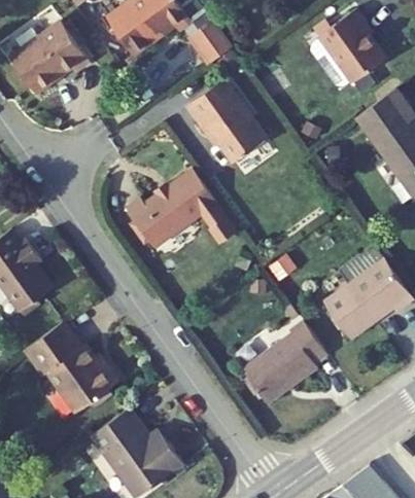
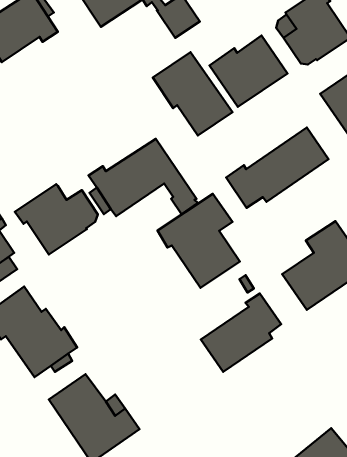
building: none -> [210,36,287,107]
building: none -> [226,128,329,208]
building: none -> [15,184,98,255]
building: none -> [157,194,240,288]

